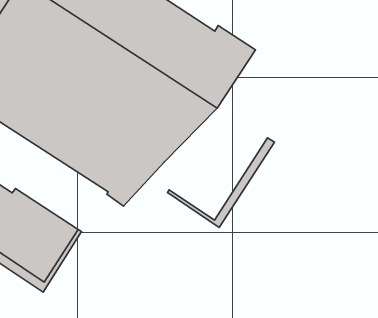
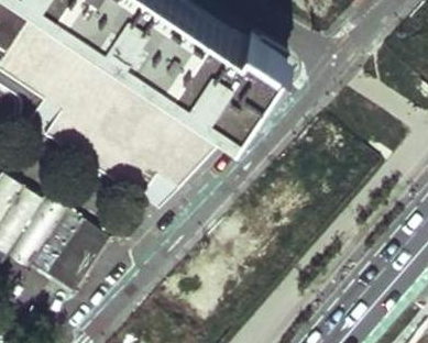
building: [167,138,275,227] -> none

